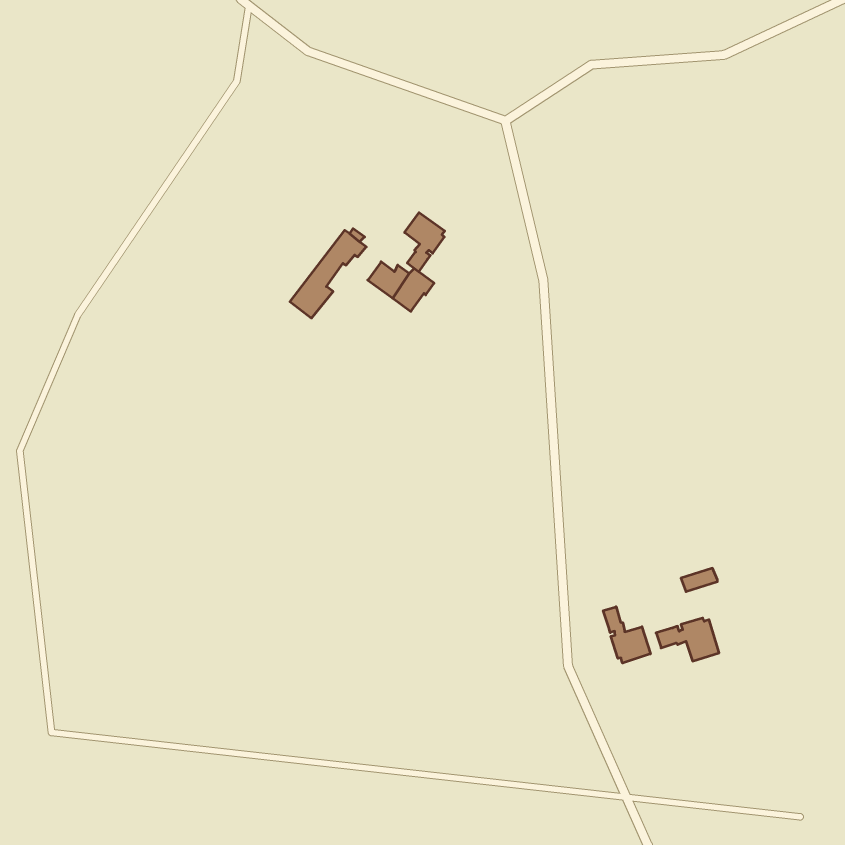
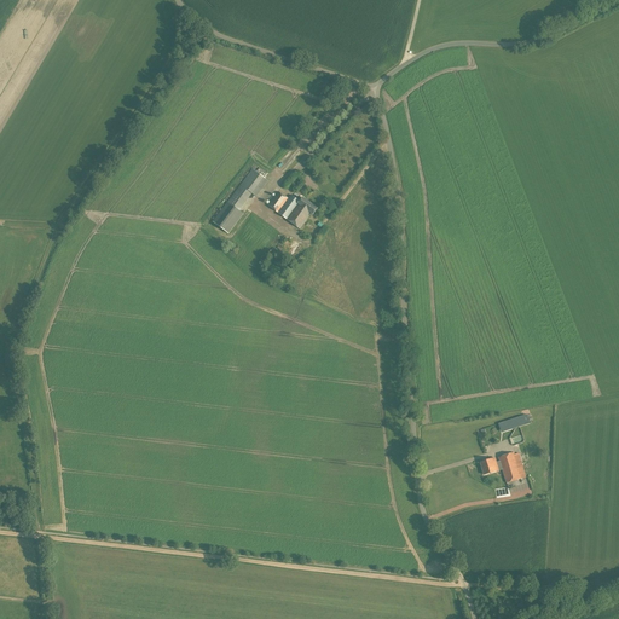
building: [405,213,445,272] -> none
building: [603,607,650,663] -> none

